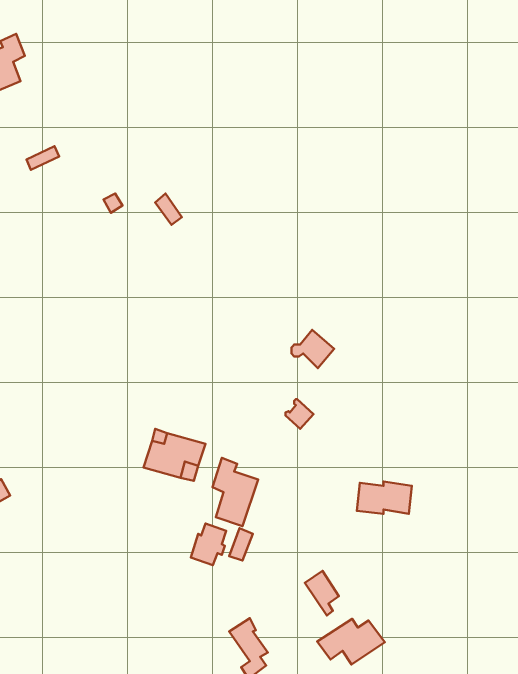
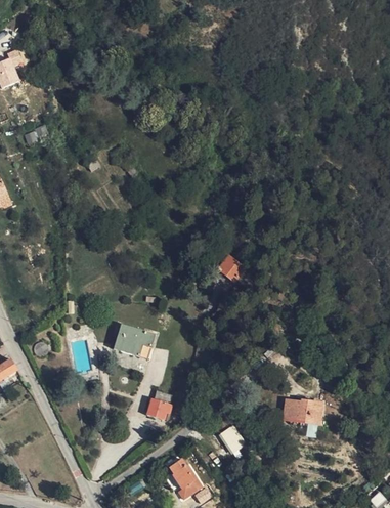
building: [212,458,258,526] -> none
building: [357,481,412,514] -> [285,396,322,419]
building: [317,619,385,665] -> none

